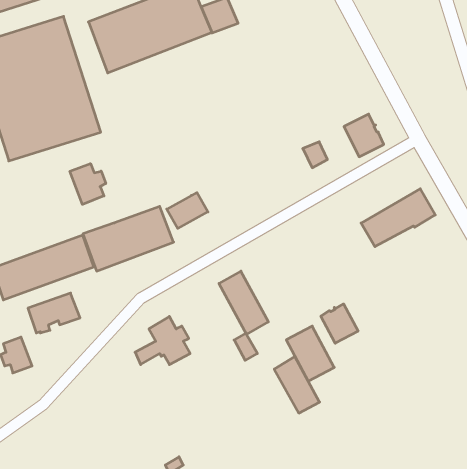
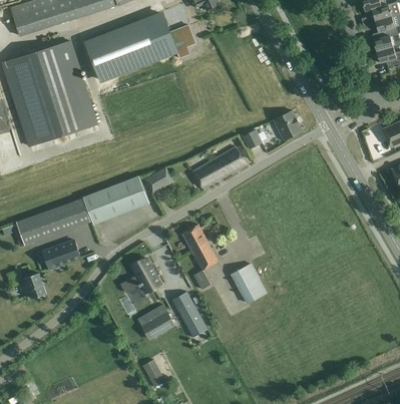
building: [70,164,106,204] -> none
building: [361,189,435,247] -> [191,146,246,188]
building: [321,304,358,343] -> none
building: [274,357,320,413] -> [171,293,205,334]
building: none -> [141,312,173,339]

